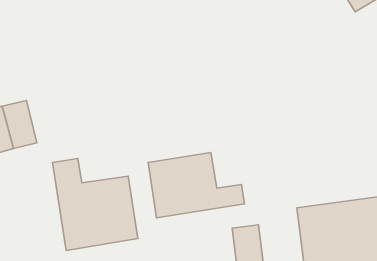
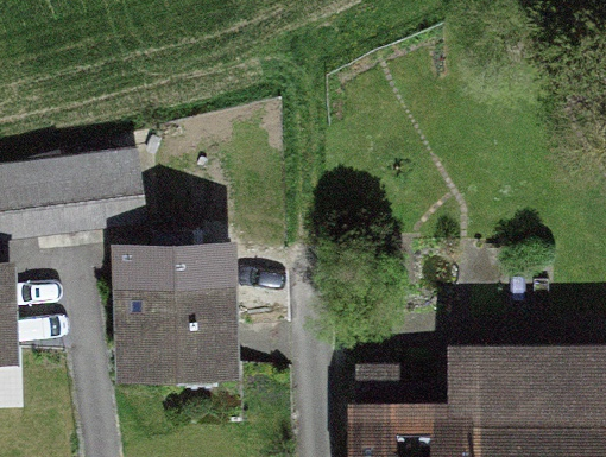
building: [148,153,244,218] -> none

